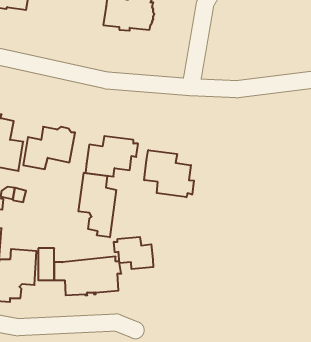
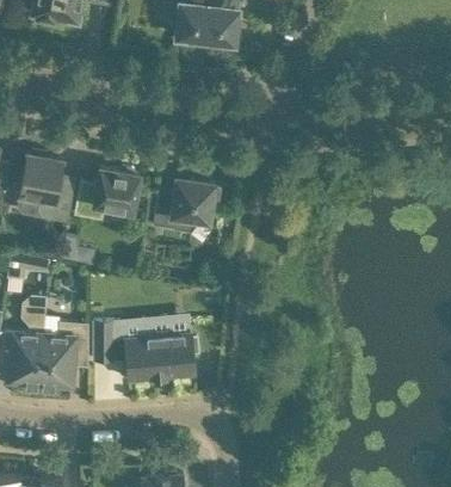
building: [144,150,194,197] -> none
building: [78,173,116,237] -> none
building: [114,237,153,269] -> none

